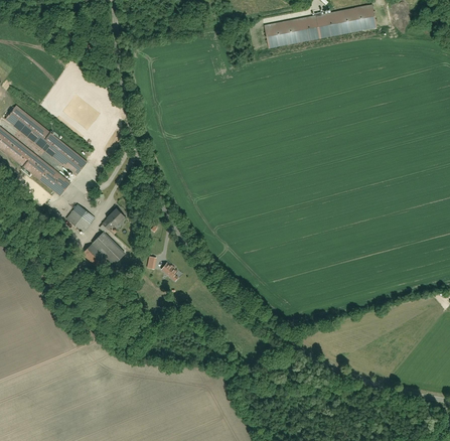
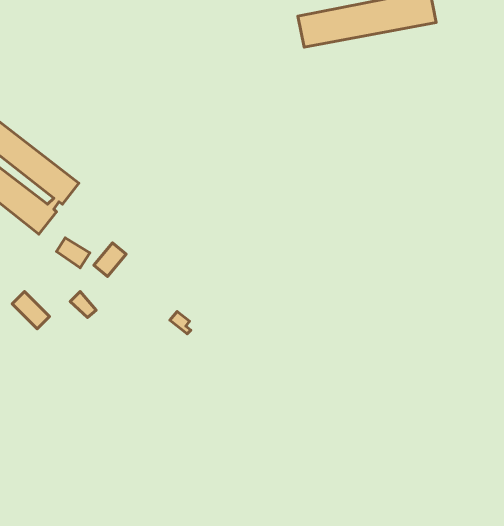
building: [92,234,122,264] -> [12,292,50,329]

